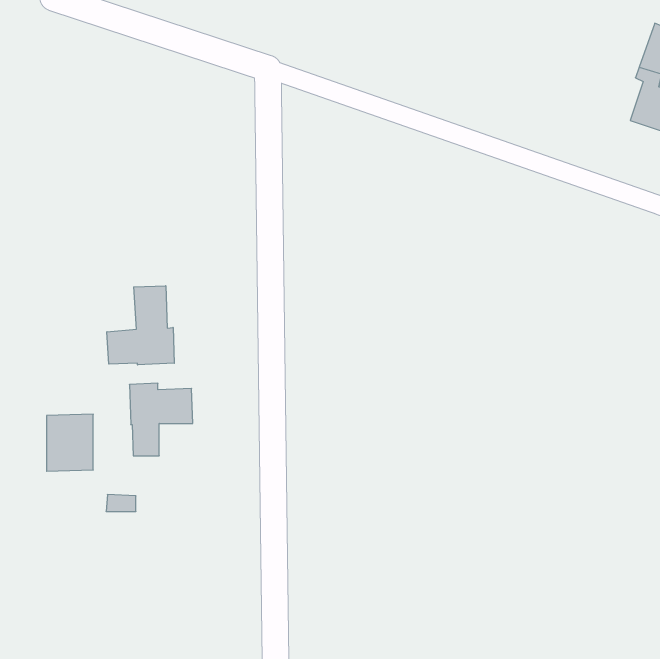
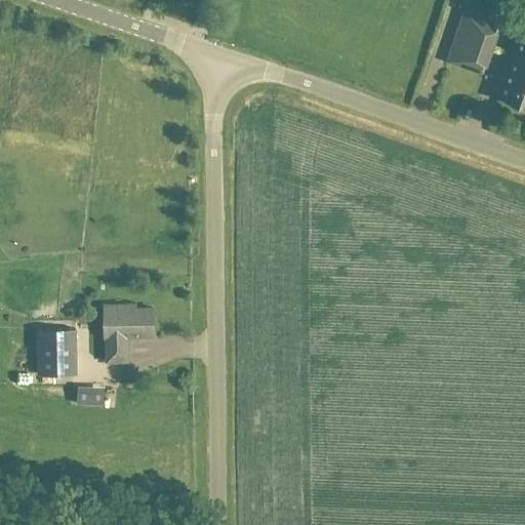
building: none -> [447,10,498,73]
building: [107,286,174,365] -> none

